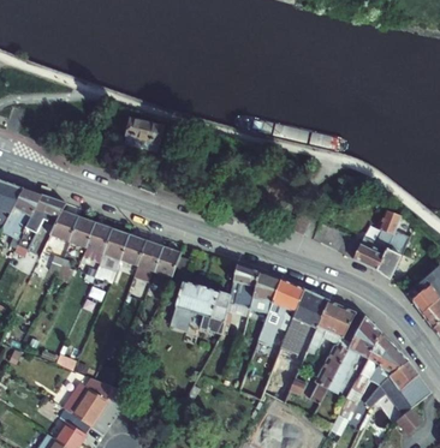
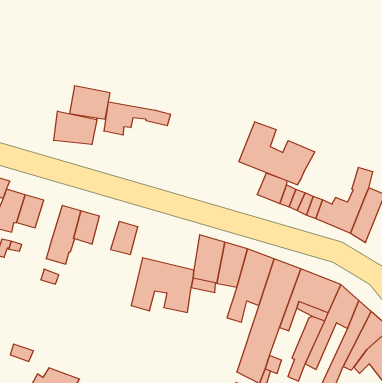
building: none -> [104,102,171,135]
building: none -> [54,111,97,145]
building: none -> [239,122,315,185]
building: [84,222,112,259] -> none
building: [133,240,163,281] -> none

